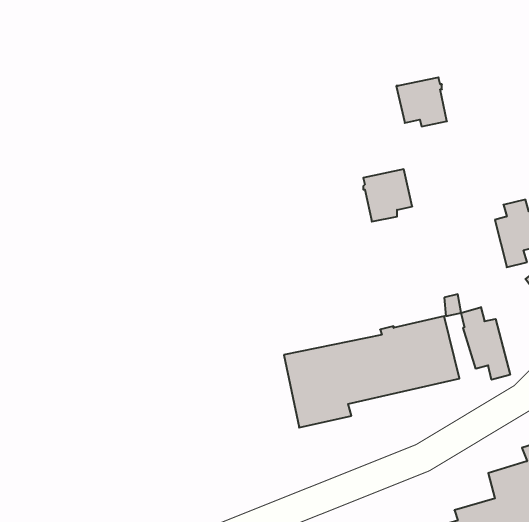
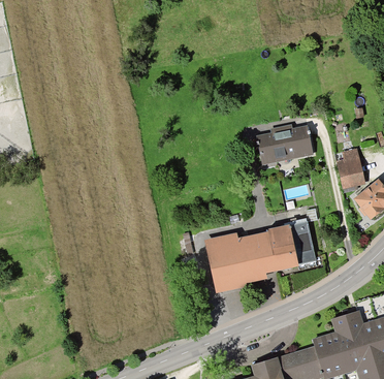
building: [396,77,447,126] -> [281,126,312,156]
building: [461,307,510,380] -> none

